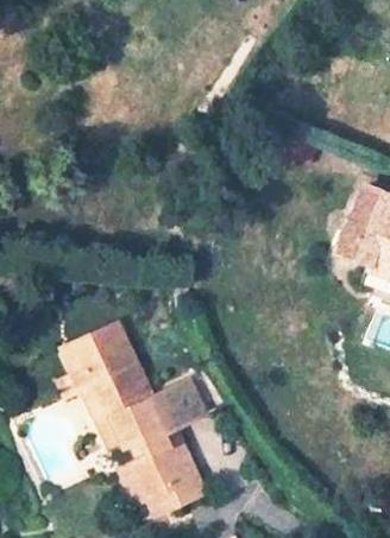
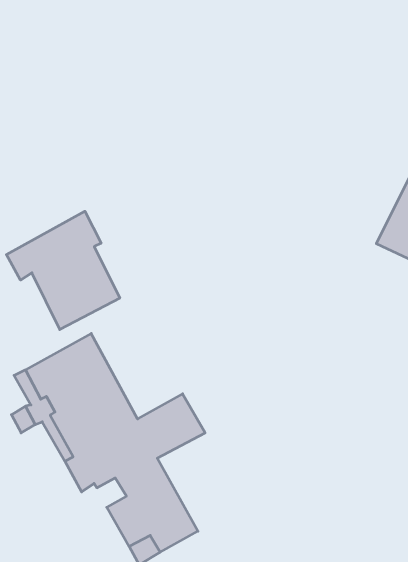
building: none -> [6,211,120,330]

